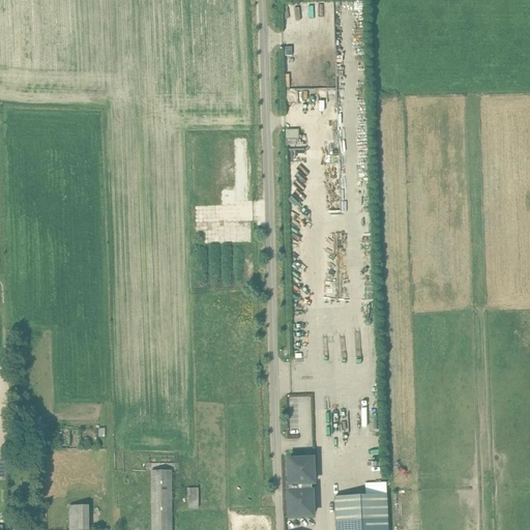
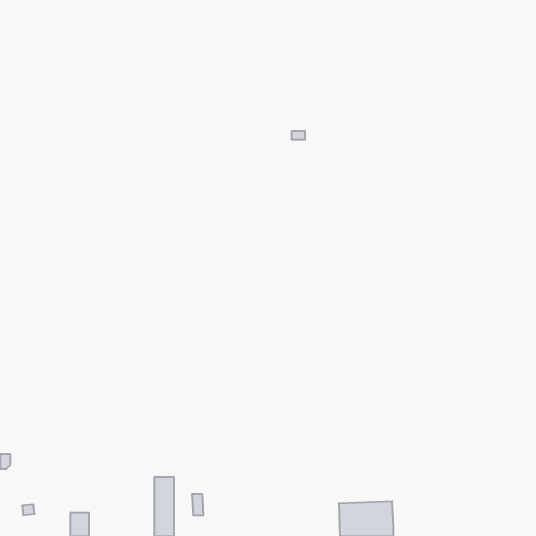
building: [288,459,314,517] -> none

